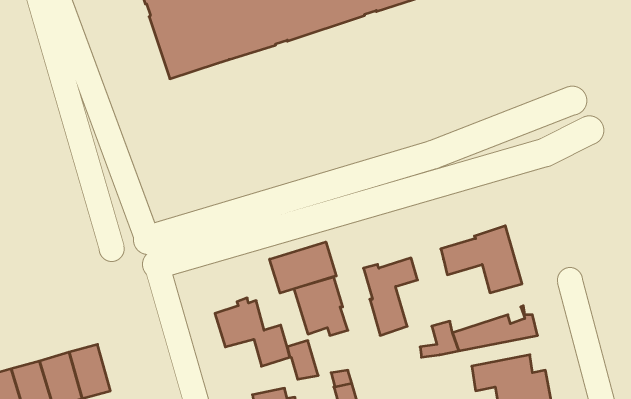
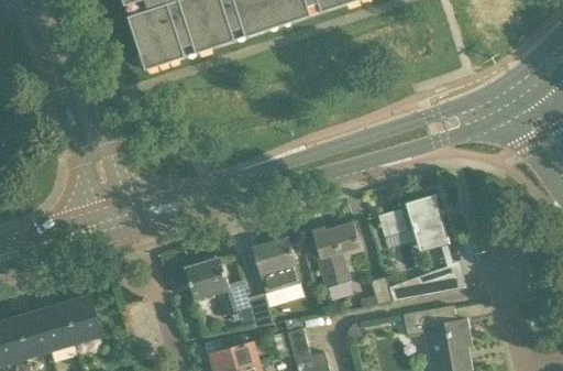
building: [270,242,336,293] -> none

